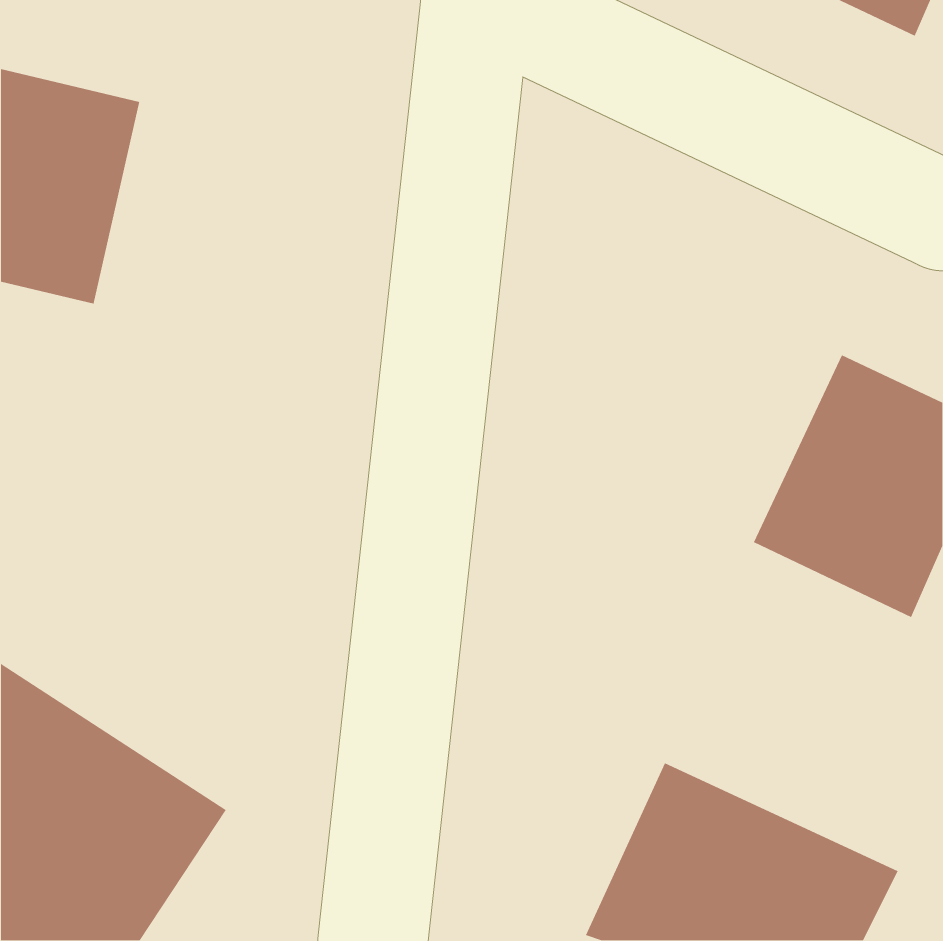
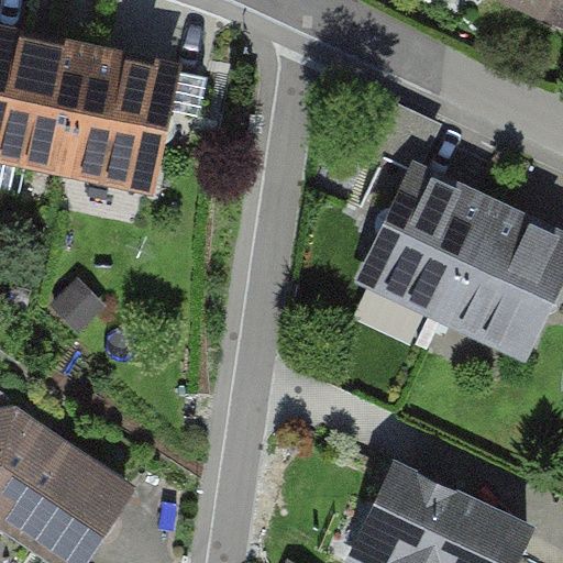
building: none -> [56,60,179,203]
building: none -> [354,167,501,323]

